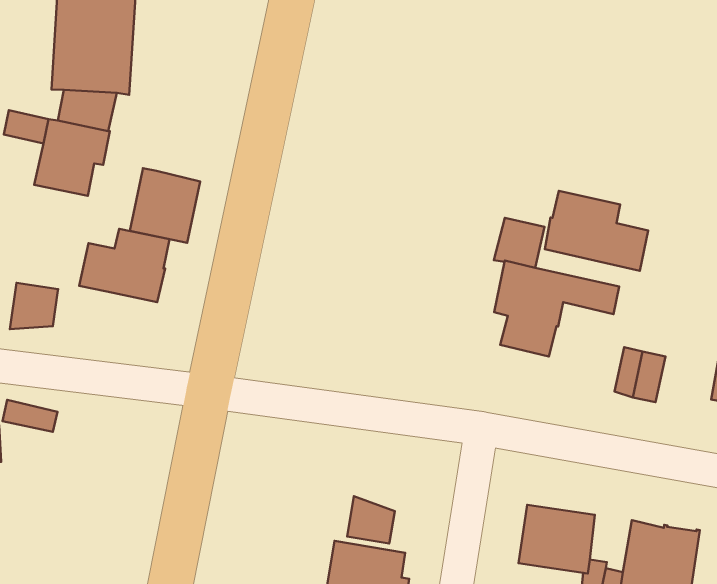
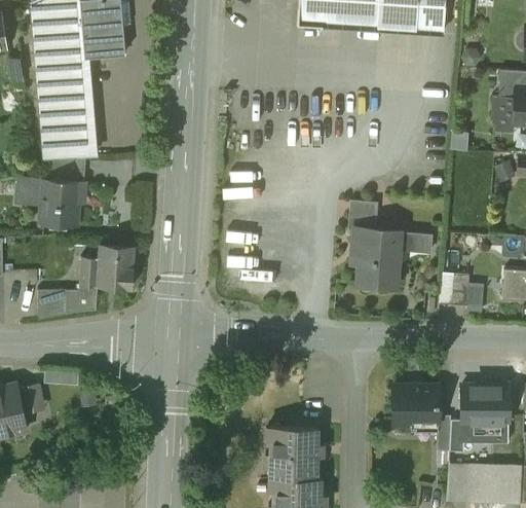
building: [130,168,200,243] -> none
building: [545,191,648,271] -> none
building: none -> [67,285,99,314]
building: [347,496,395,543] -> none

